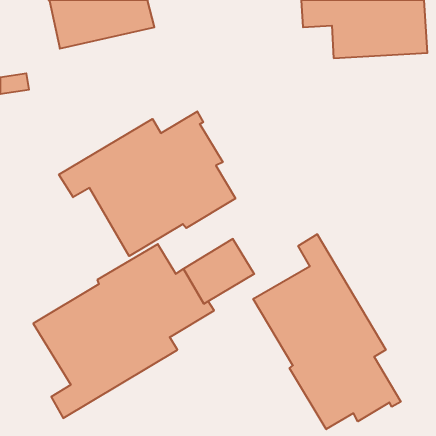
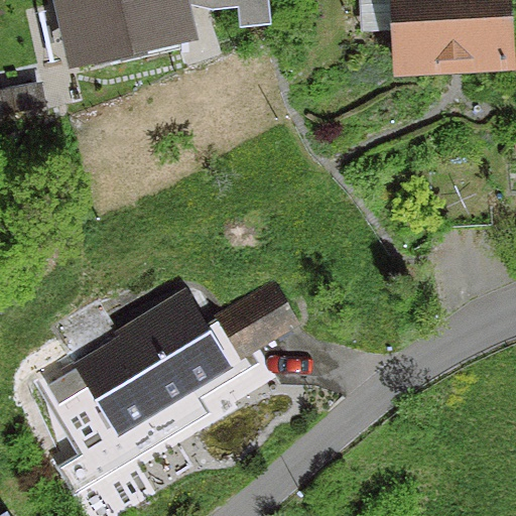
building: [59,111,235,256] -> none
building: [253,234,401,429] -> none

